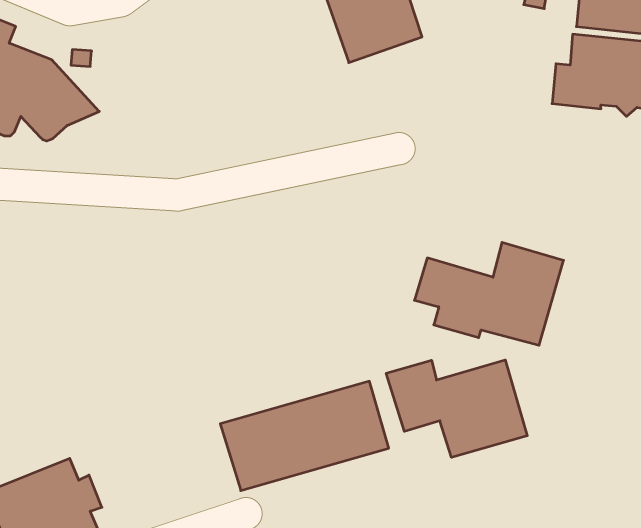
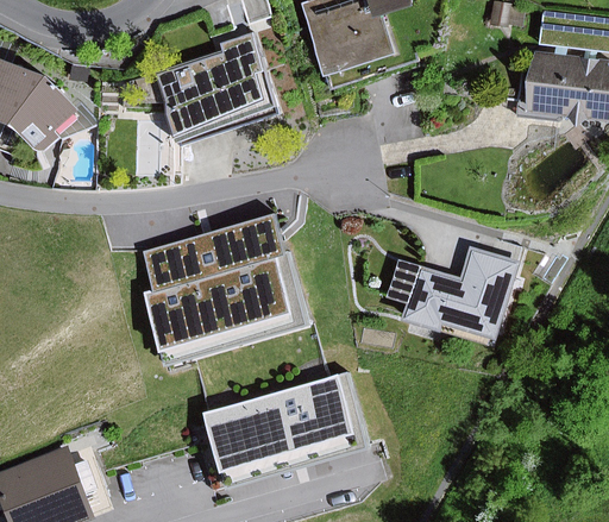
building: none -> [152,32,271,138]
building: none -> [140,213,309,369]
building: [386,360,527,457] -> none

